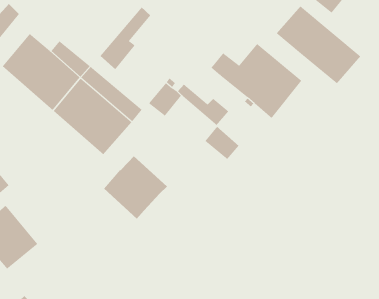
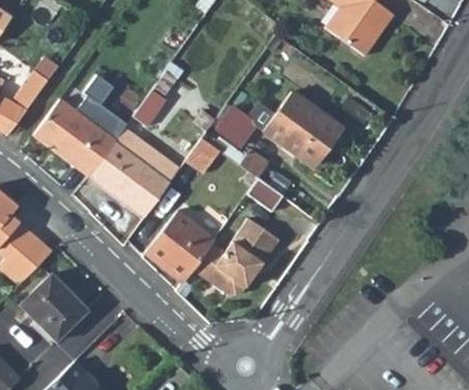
building: [276,5,361,84] -> none
building: none -> [217,105,257,147]
building: none -> [191,219,277,296]

